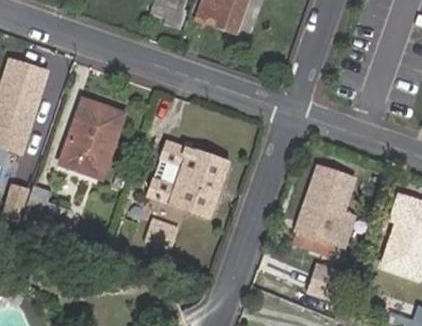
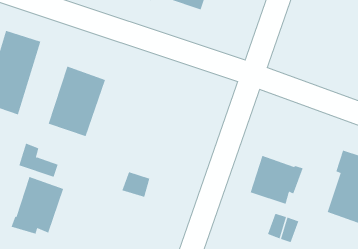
building: [147,141,230,219] -> none
building: [306,168,353,213] -> none
building: none -> [11,176,64,234]

